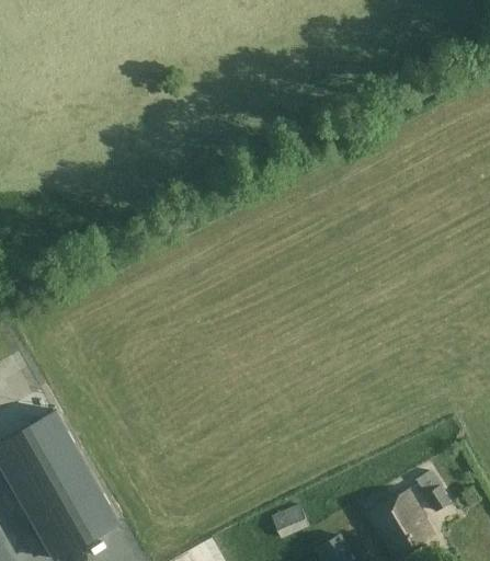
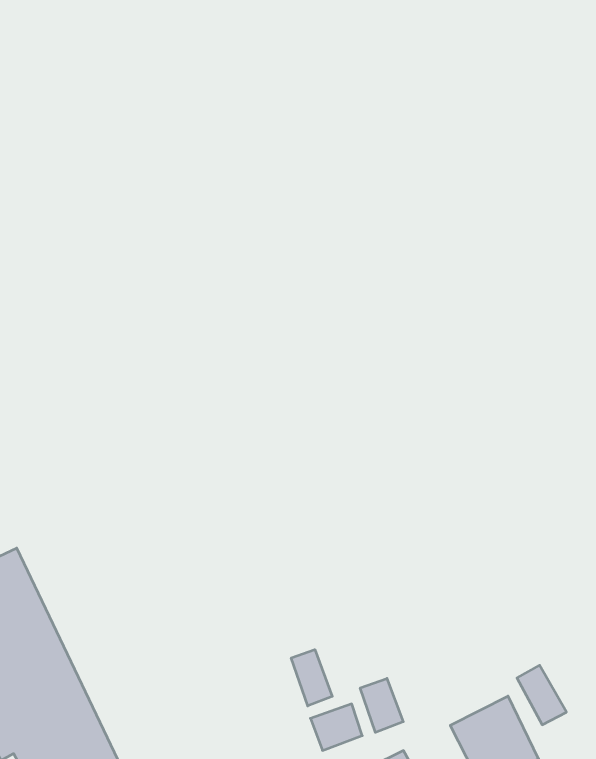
building: none -> [291,650,332,706]
building: none -> [360,678,403,732]

